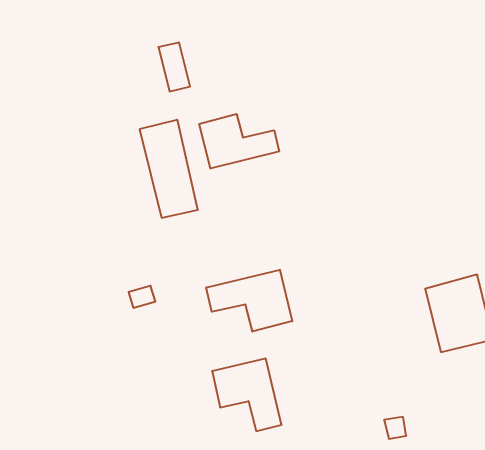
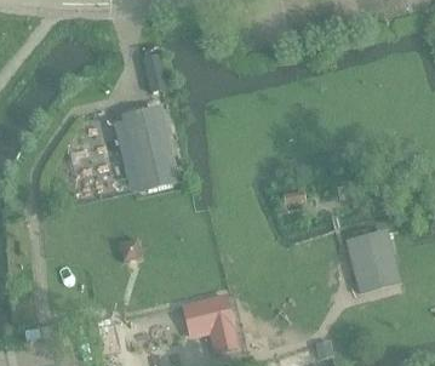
building: [199,114,279,169] -> none
building: [206,270,292,332] -> none

